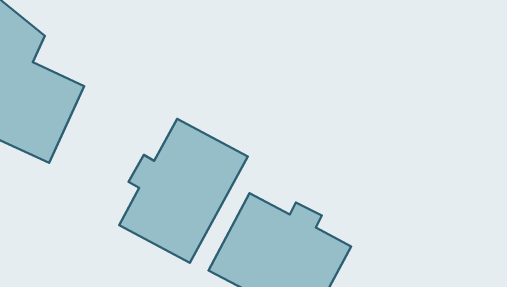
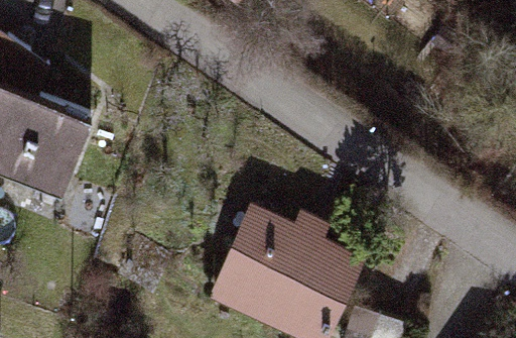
building: [119,119,248,263] -> none

